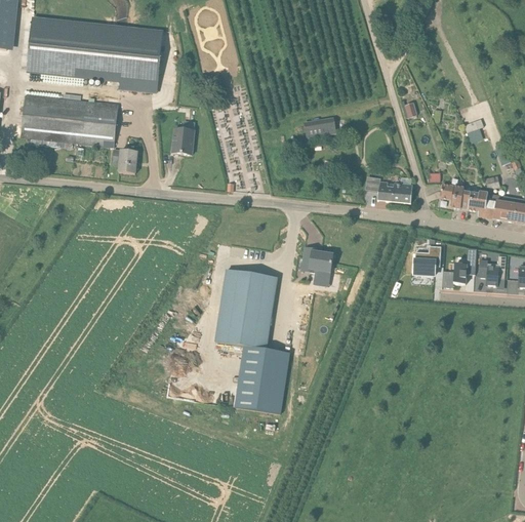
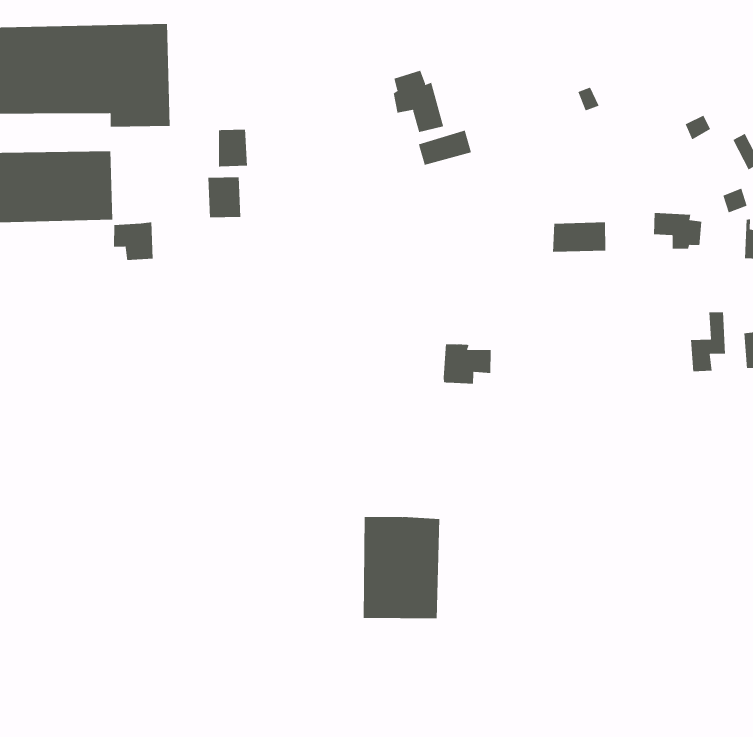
building: none -> [393,70,444,133]
building: none -> [219,129,247,167]
building: [468,190,497,217] -> none
building: [416,247,443,276] -> none
building: [215,269,277,348] -> none

